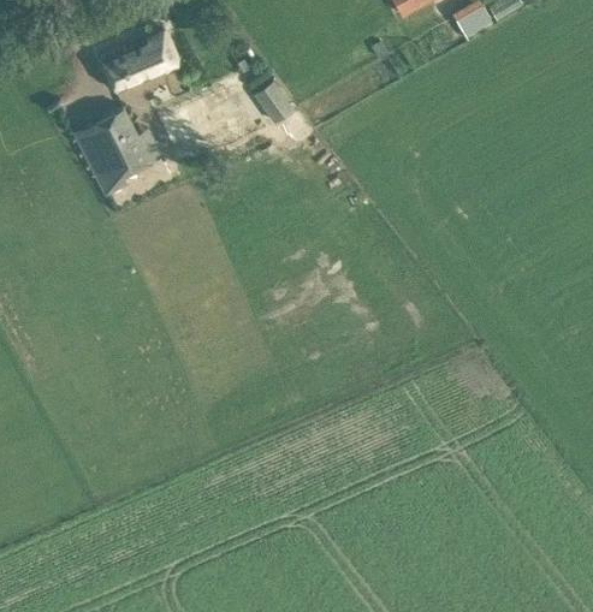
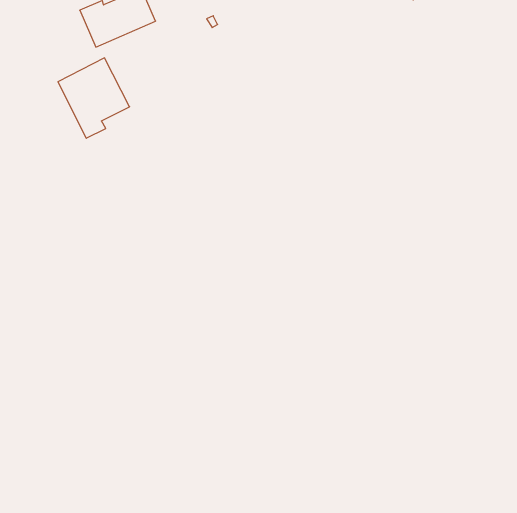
building: [254,81,293,123] -> none

